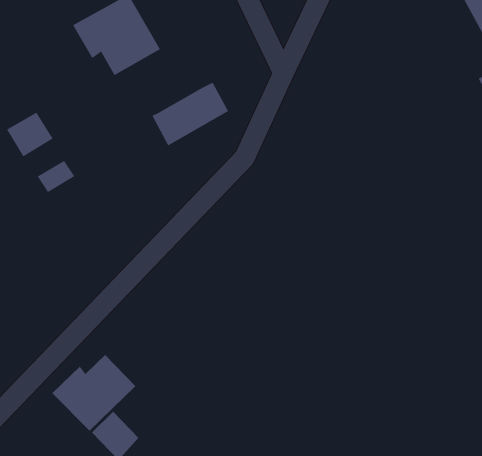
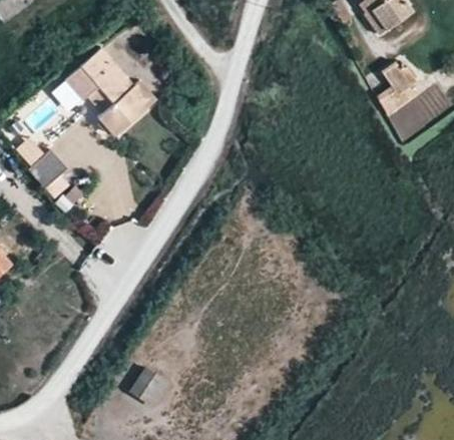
building: [152,82,229,146] -> [100,82,158,136]
building: [51,354,136,431] -> none

